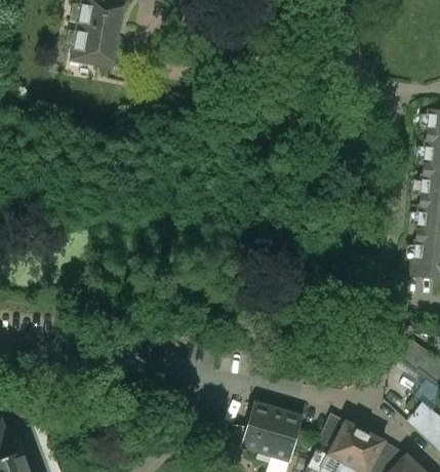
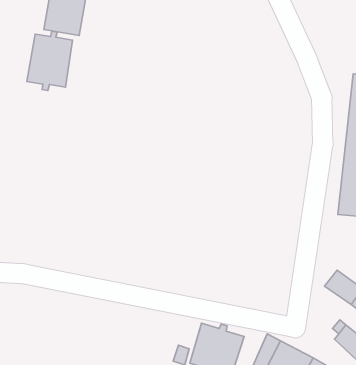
building: none -> [27,31,73,91]

